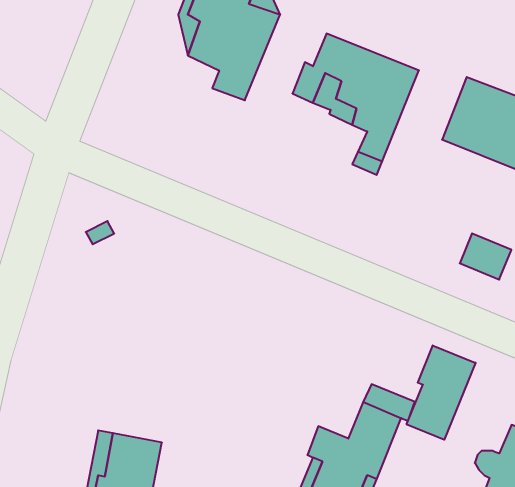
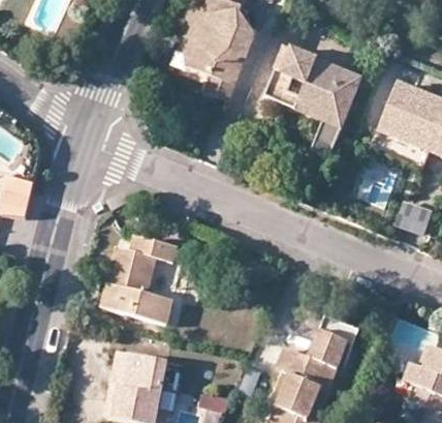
building: none -> [101,235,178,323]
building: [407,345,476,440] -> none

